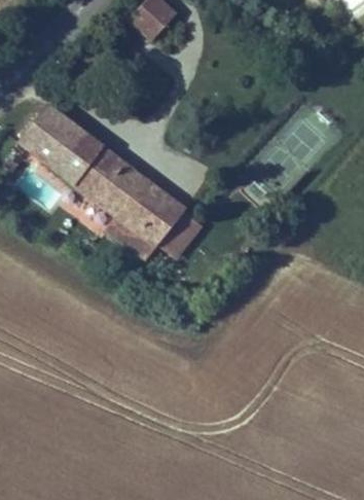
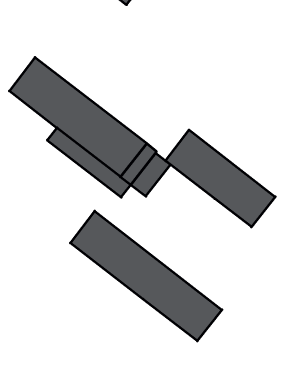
building: none -> [166,130,275,227]
building: none -> [70,211,222,341]

